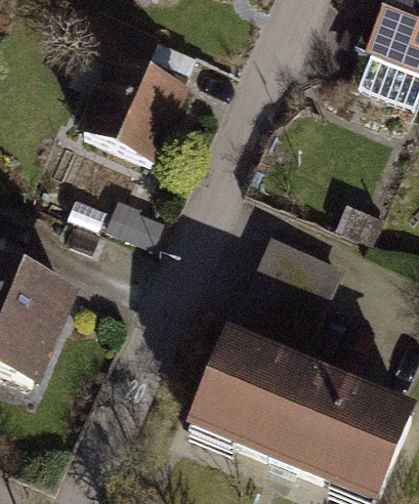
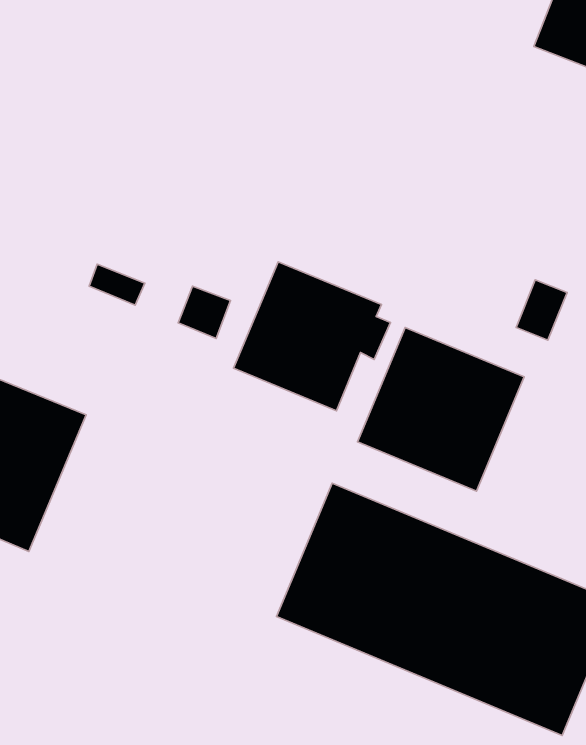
building: [85,56,183,159] -> none
building: none -> [233,262,391,411]

